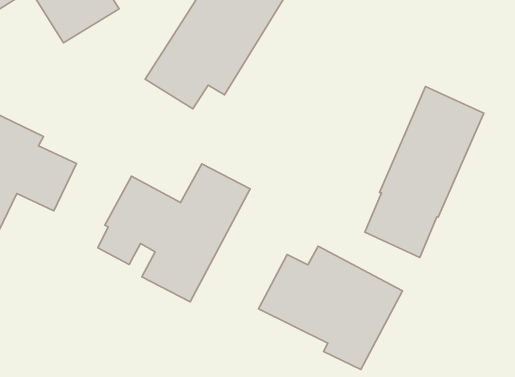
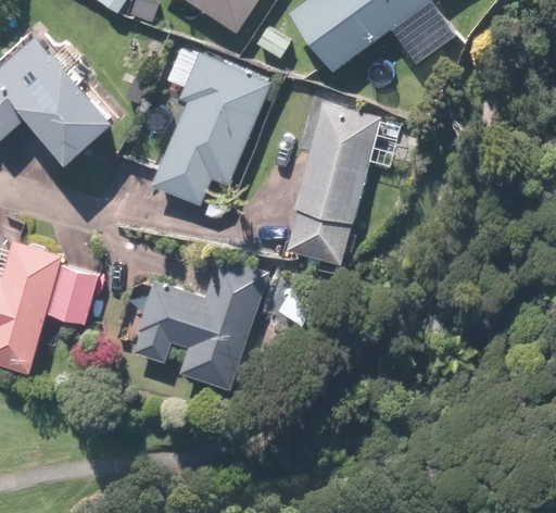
building: [365,86,484,257] -> [286,101,380,265]
building: [259,246,403,370] -> none

